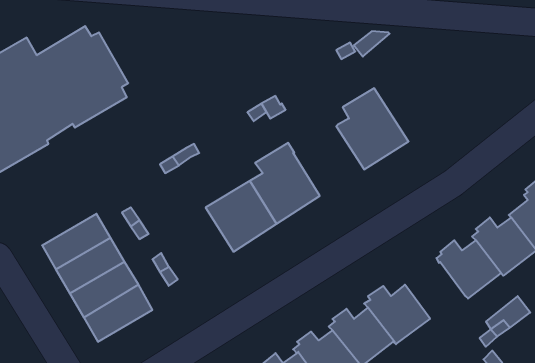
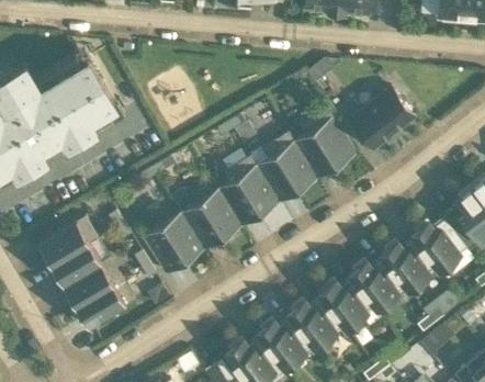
building: none -> [350,89,414,150]
building: none -> [256,132,317,202]
building: none -> [142,212,204,274]
building: none -> [349,259,405,311]

